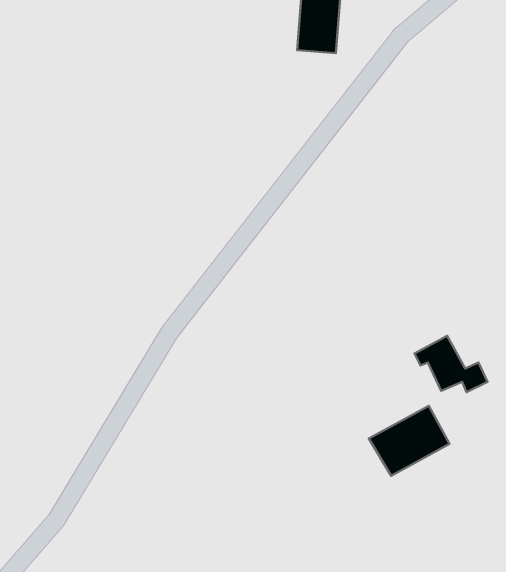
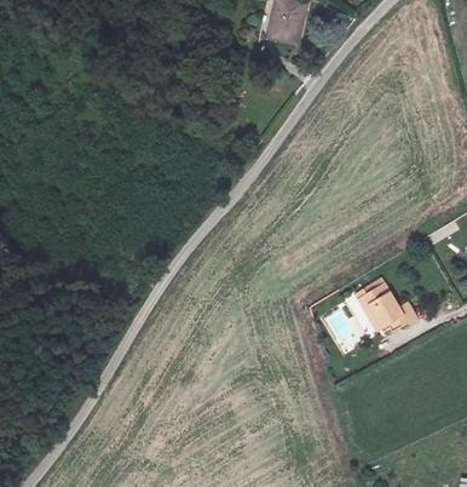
building: [369,406,450,476] -> none

